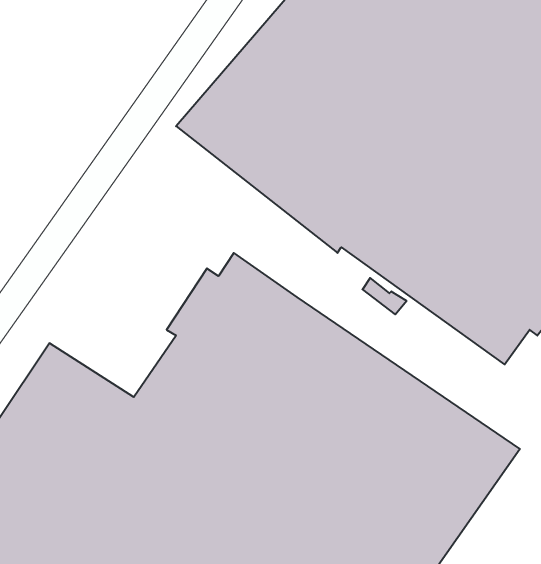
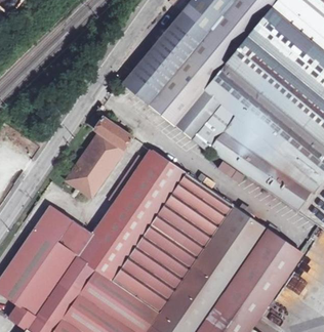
building: none -> [66,115,130,196]

